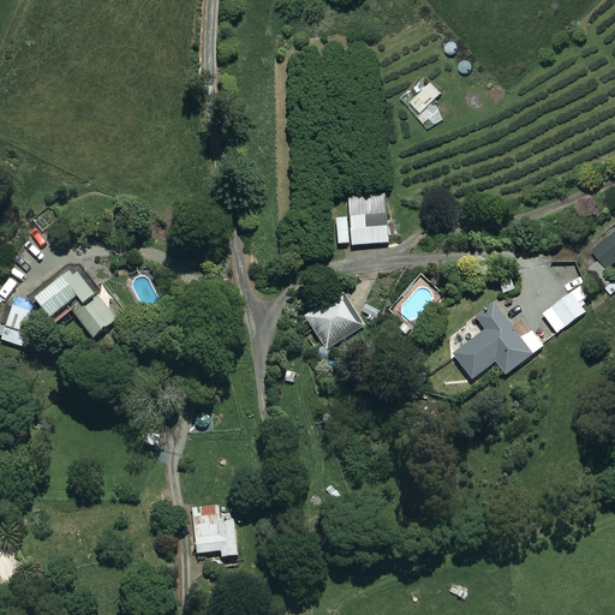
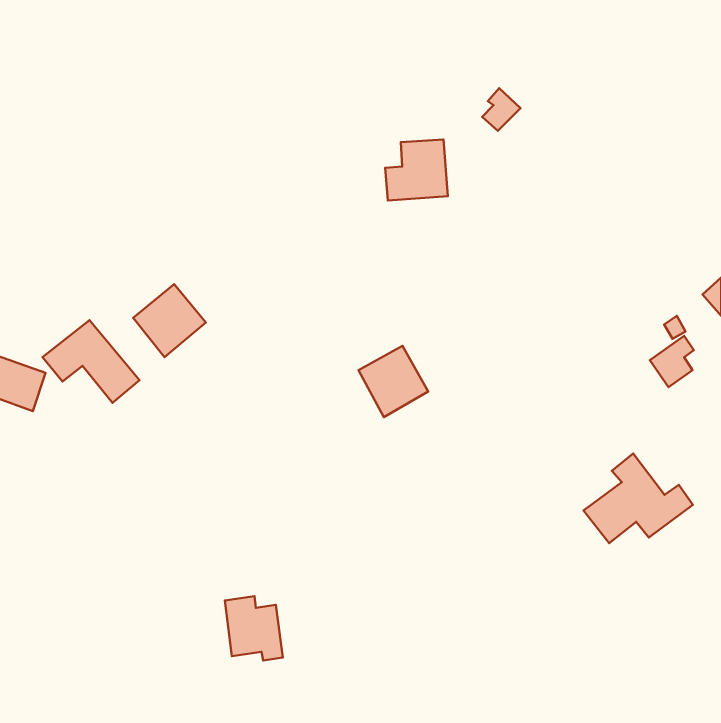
building: [334,193,387,245] -> [385,139,448,201]
building: none -> [133,284,206,357]
building: [450,304,543,380] -> [583,454,693,543]

